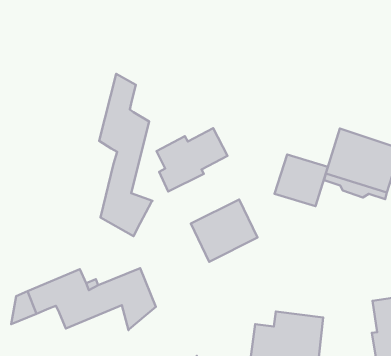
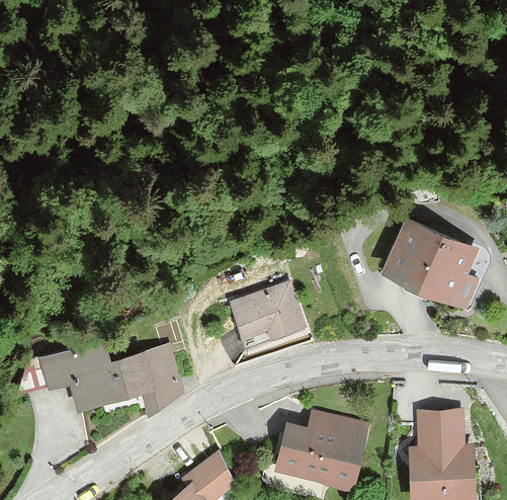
building: [99,74,152,236] -> none
building: [156,128,228,192] -> none
building: [275,155,328,206] -> none

